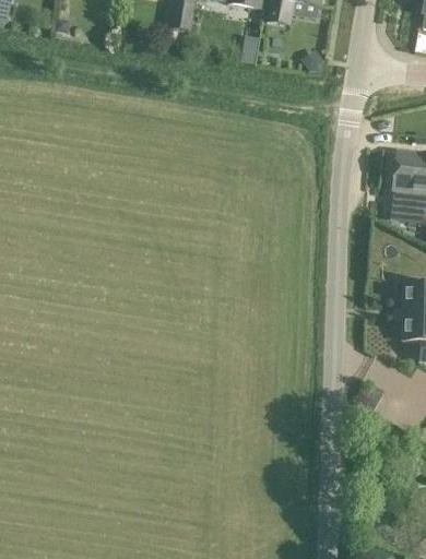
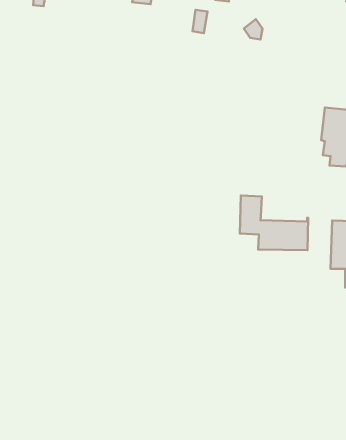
building: none -> [240,195,308,250]

